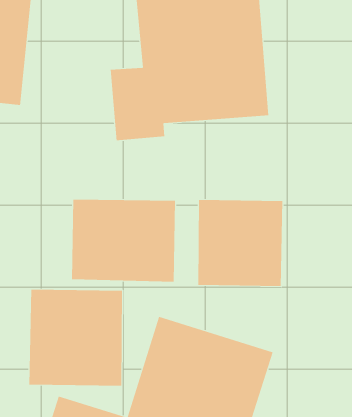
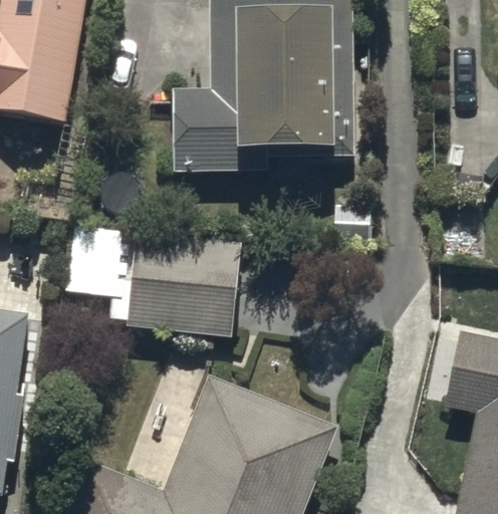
building: [198,199,283,287] -> none
building: [29,289,123,387] -> none

